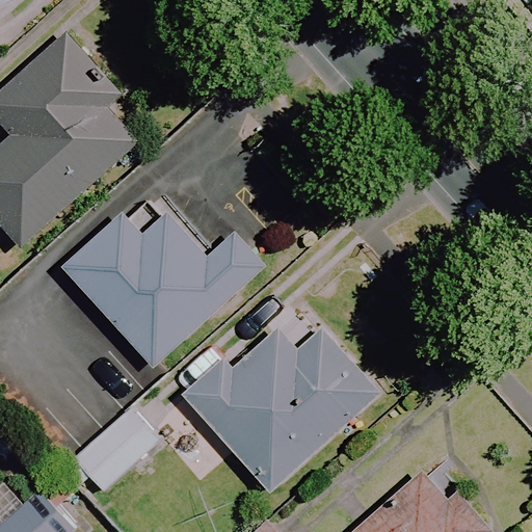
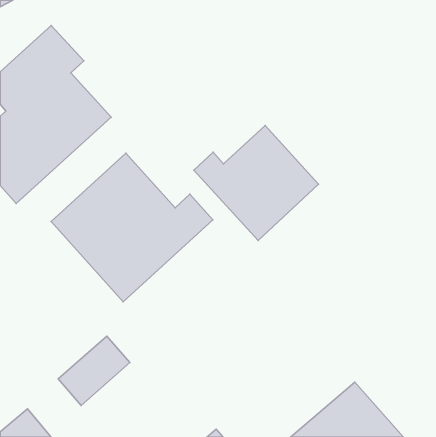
building: none -> [194,126,318,241]
building: [186,327,379,495] -> none

